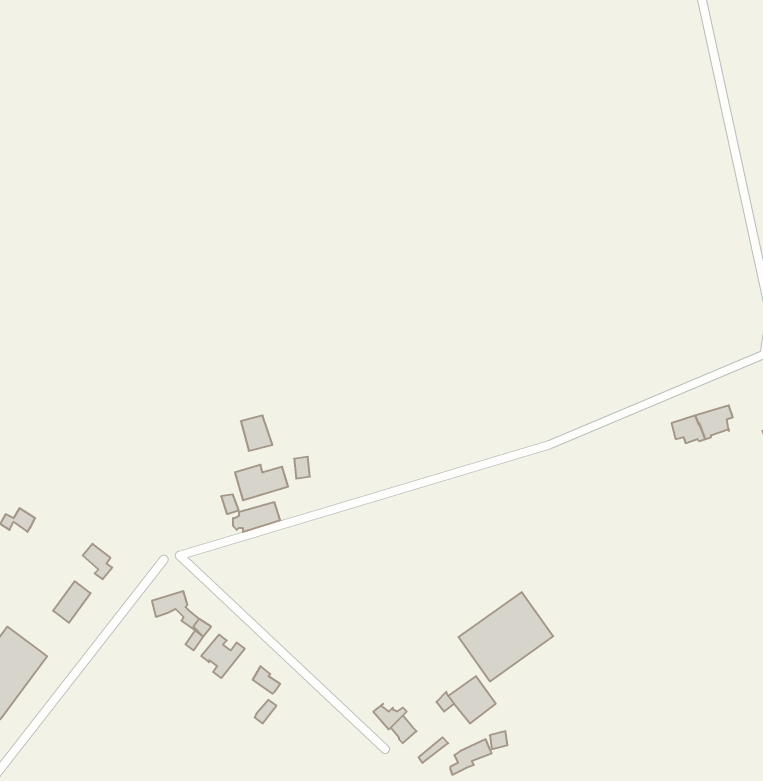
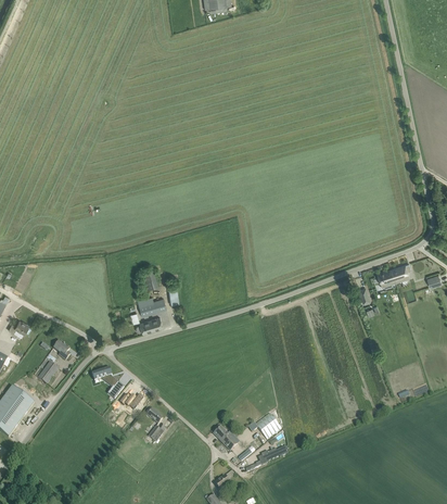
building: [458,592,553,681] -> none

